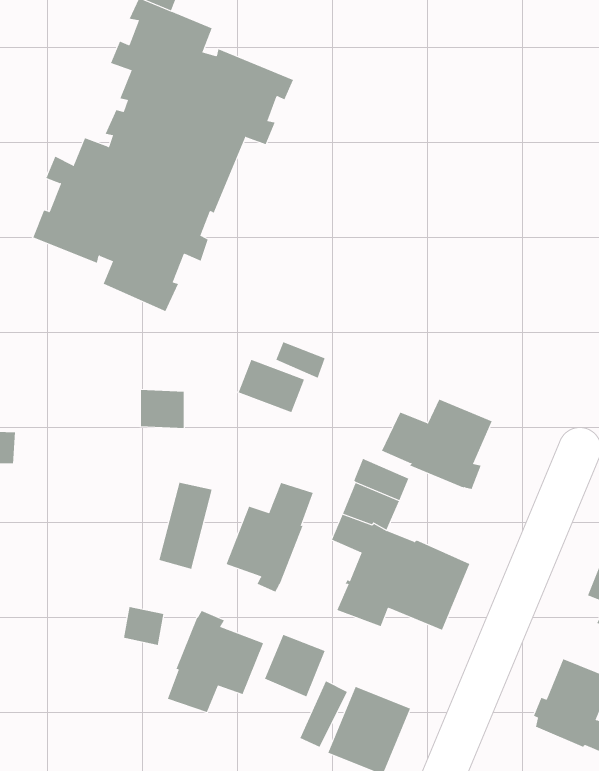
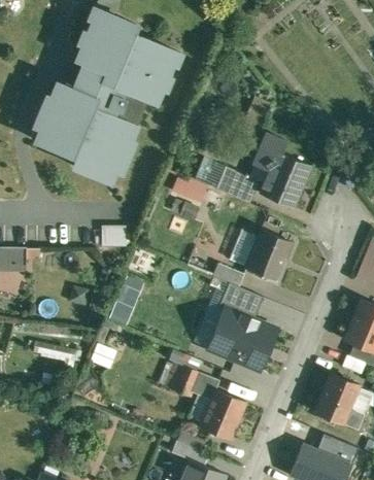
building: none -> [259,134,310,208]
building: none -> [214,170,253,199]
building: [238,359,305,413] -> [167,173,204,203]
building: [226,482,314,592] -> none
building: [167,610,264,713] -> none

